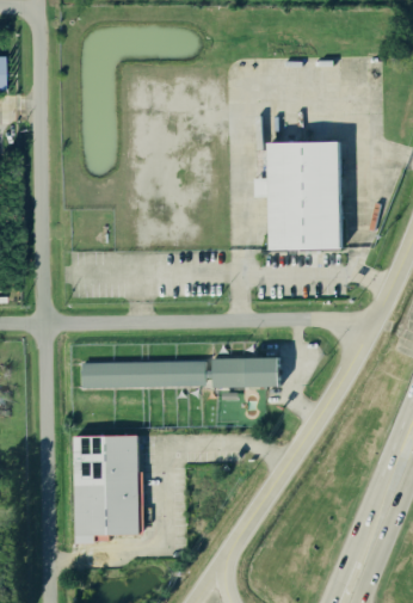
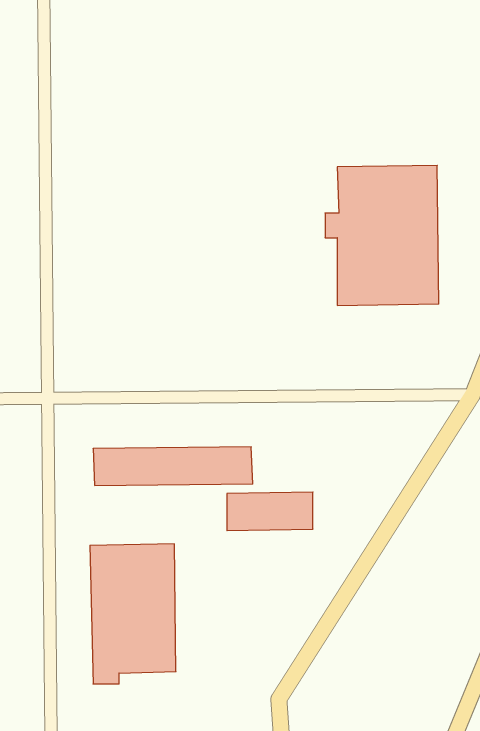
building: [210,356,277,386] -> [227,492,313,531]

